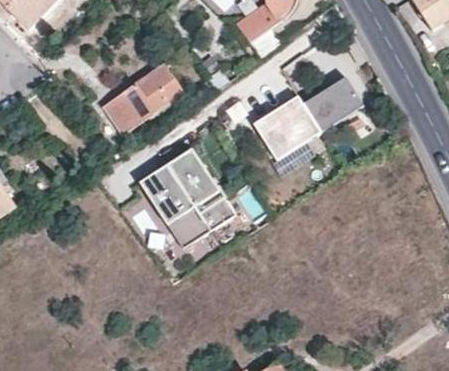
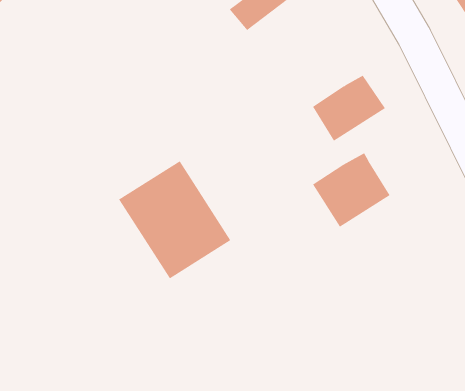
building: [105,63,185,127] -> none
building: [255,97,321,160] -> [312,152,391,227]

